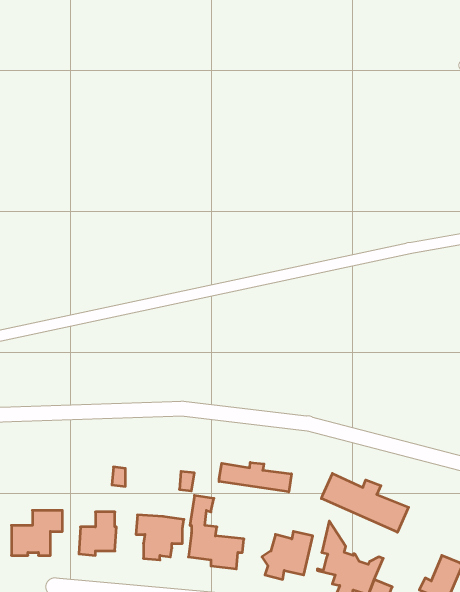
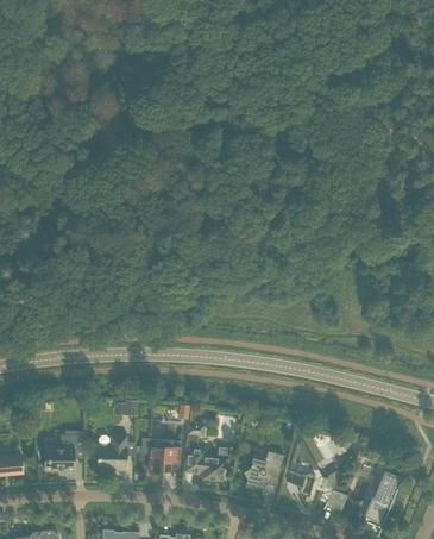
building: [219,462,291,492] -> none
building: [321,473,409,532] -> none

